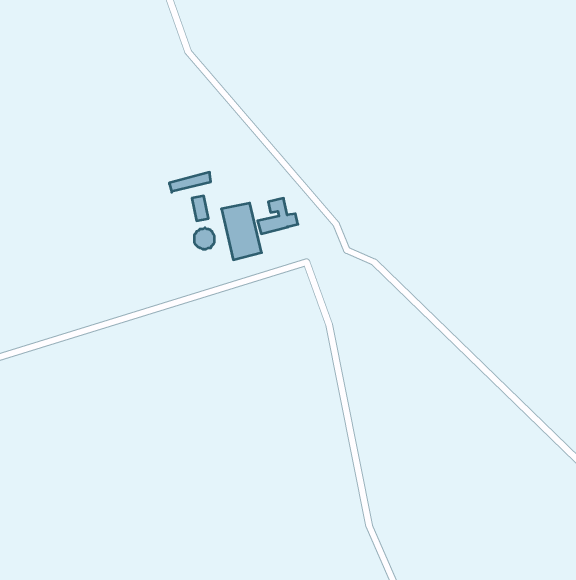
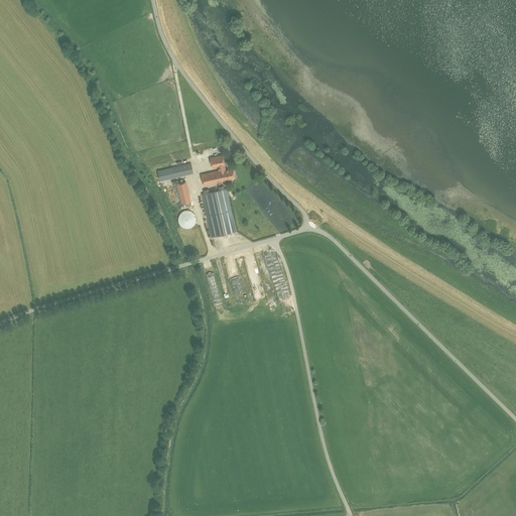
building: [258,198,298,234] -> [200,155,234,185]

